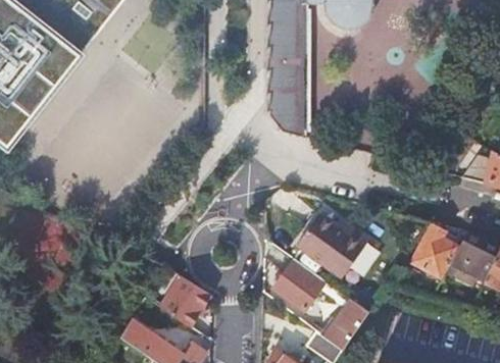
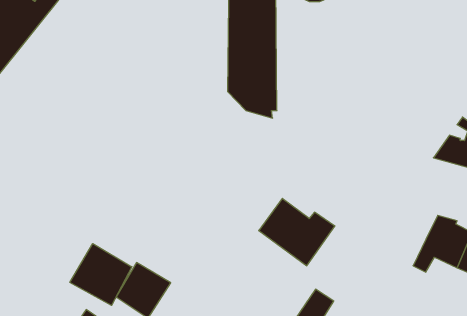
building: [411,223,459,278] -> none
building: none -> [70,244,132,305]
building: [273,259,343,311] -> none

